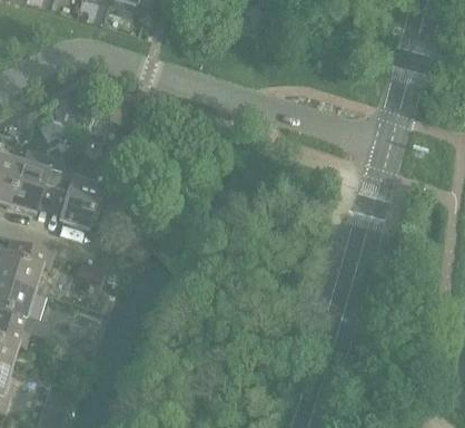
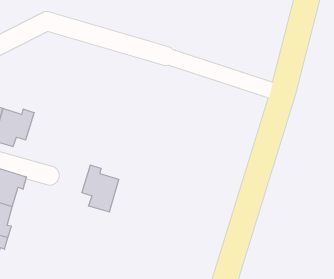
building: [50,166,99,227] -> [82,165,119,212]

